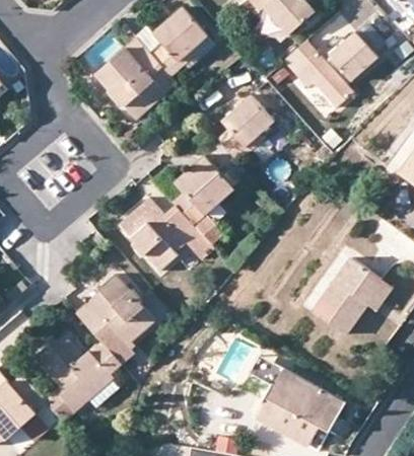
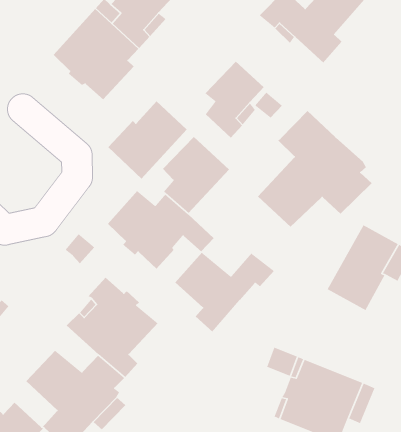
building: none -> [107,100,187,179]
building: none -> [257,110,372,228]
building: none -> [174,252,275,332]

